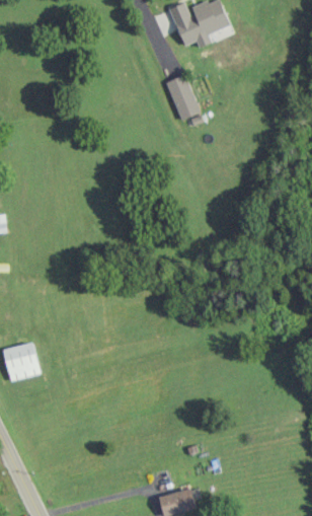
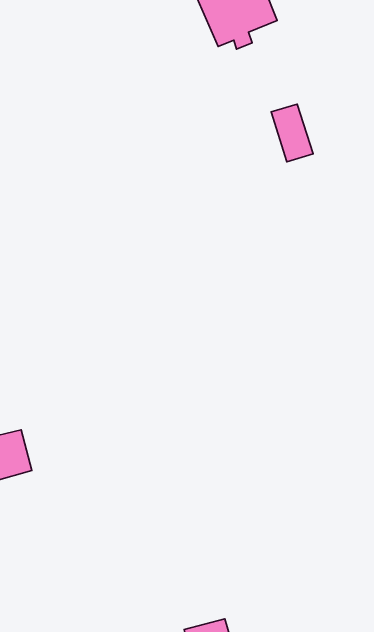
building: [166,76,199,121] -> [271,104,313,162]

